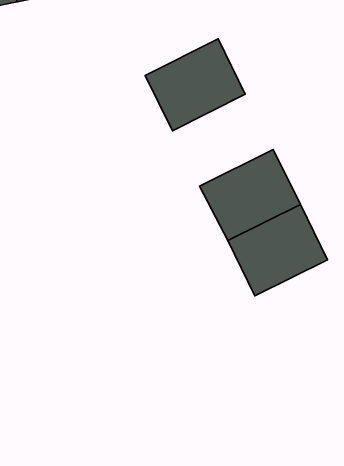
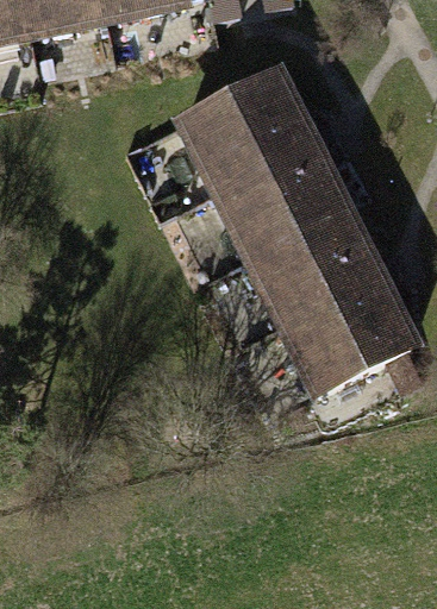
building: none -> [218,145,342,258]

